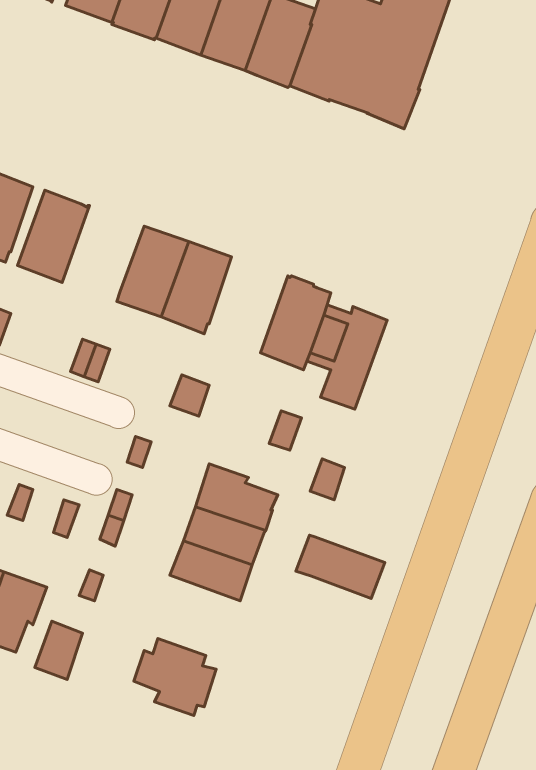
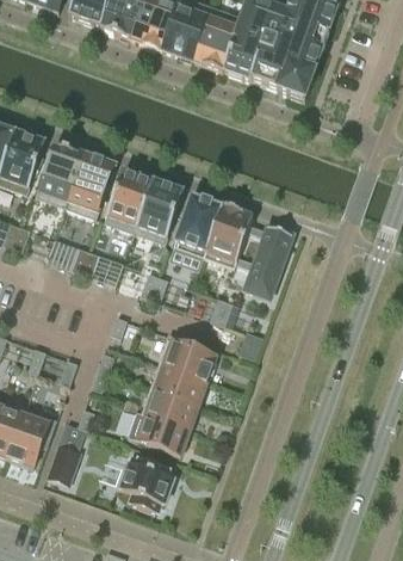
building: none -> [66,153,114,217]
building: none -> [173,192,223,255]
building: [296,535,385,598] -> [128,409,190,454]

